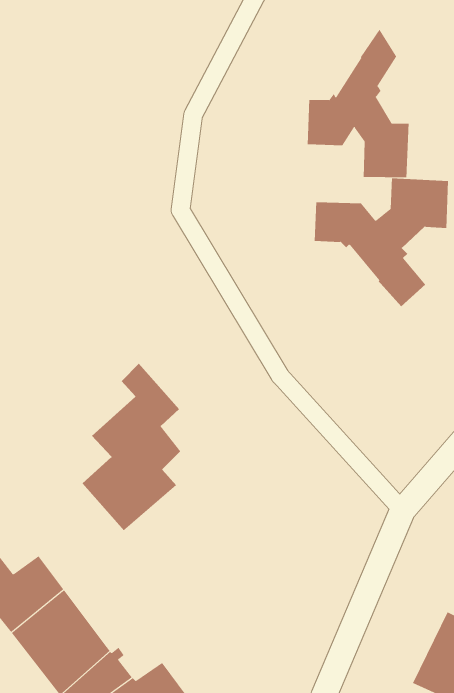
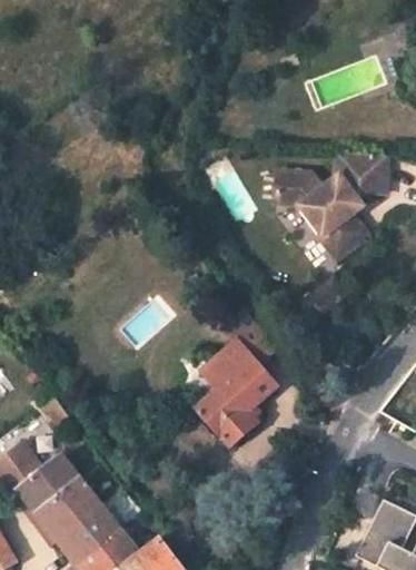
building: [307,29,409,178] -> none
building: [81,363,181,531] -> [195,312,274,445]

